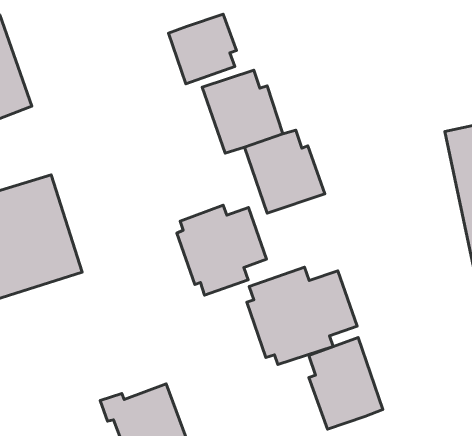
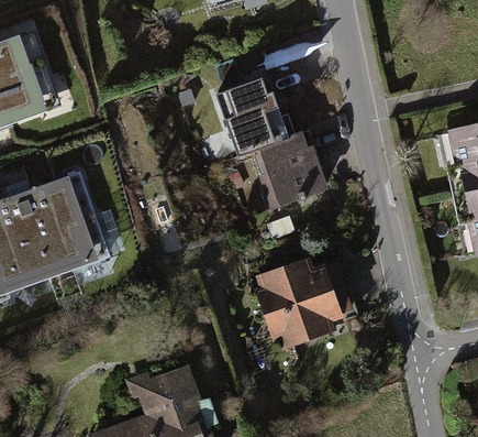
building: [169,14,237,84] -> none
building: [177,205,266,295] -> none
building: [309,337,383,429] -> none

